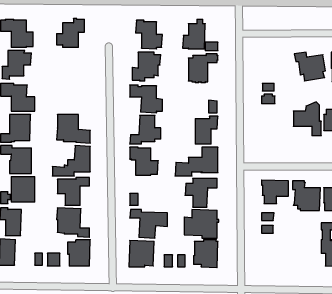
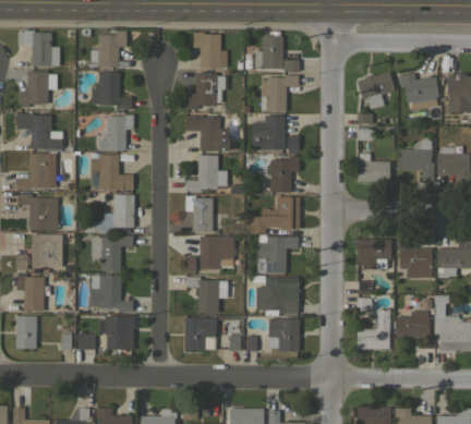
building: none -> [357,71,396,109]
building: none -> [93,72,132,109]
building: none -> [98,114,134,150]
building: none -> [252,116,285,149]
building: none -> [358,153,390,182]
building: none -> [201,237,233,268]
building: none -> [357,310,390,350]
building: none -> [396,311,432,349]

